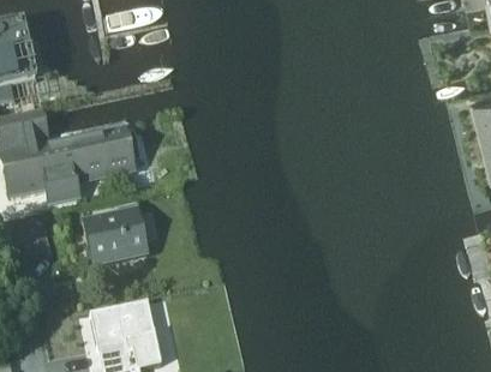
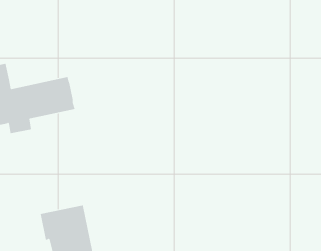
building: [83,206,148,260] -> none

